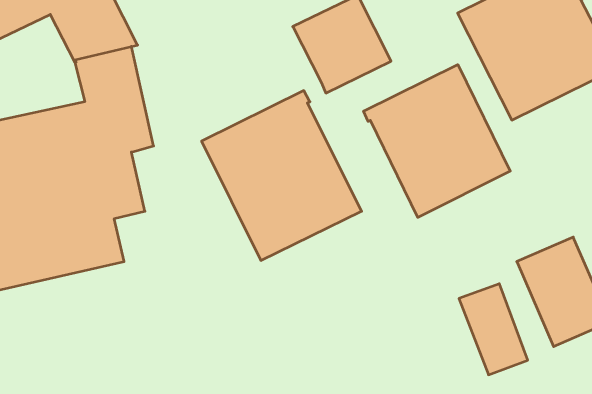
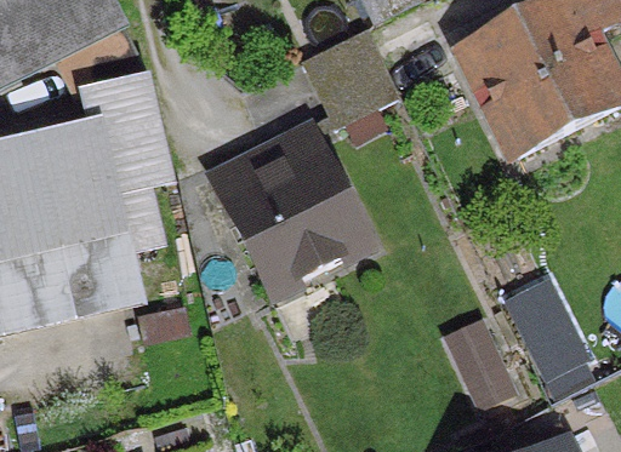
building: [364,65,510,217] -> none

